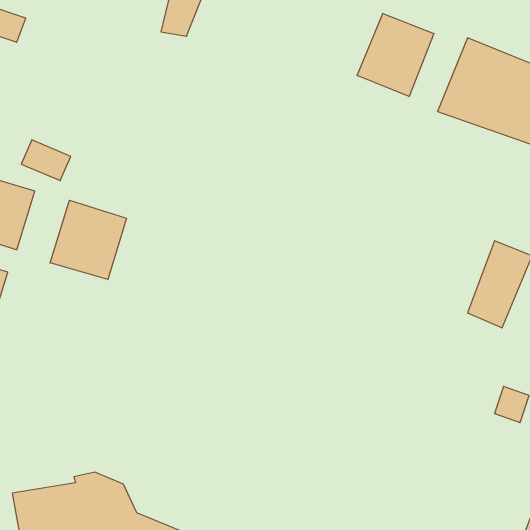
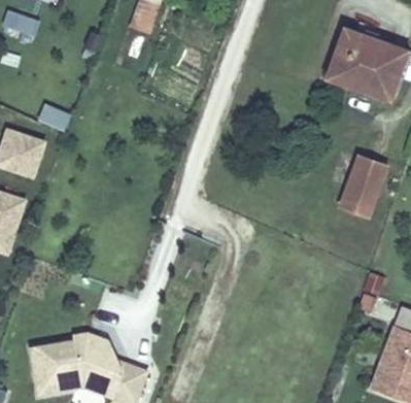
building: [357,13,434,97] -> none
building: [50,200,126,280] -> none

